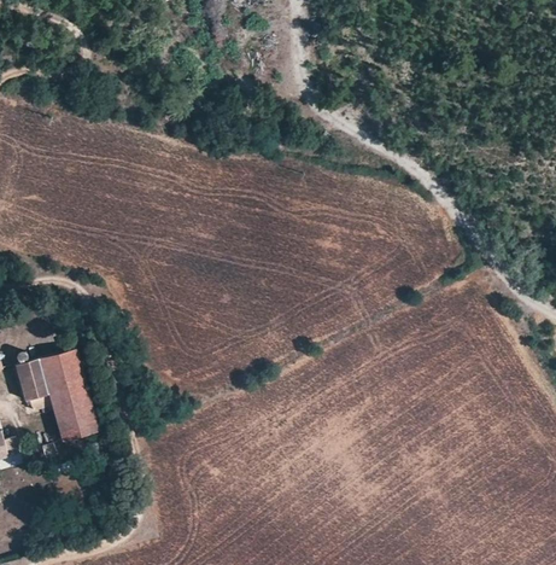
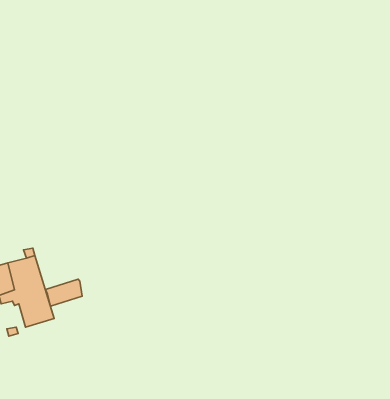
building: none -> [45,279,82,306]

